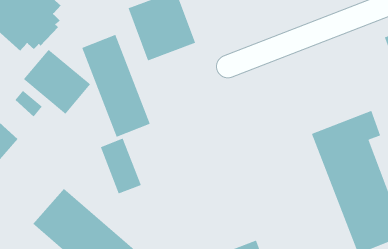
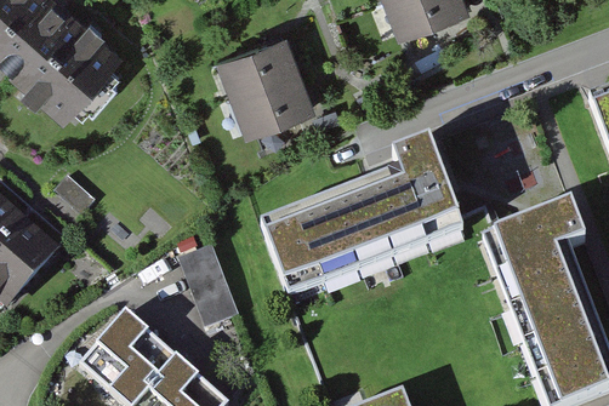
building: [81,34,151,138] -> none
building: [23,49,91,115] -> none
building: none -> [260,137,463,296]

